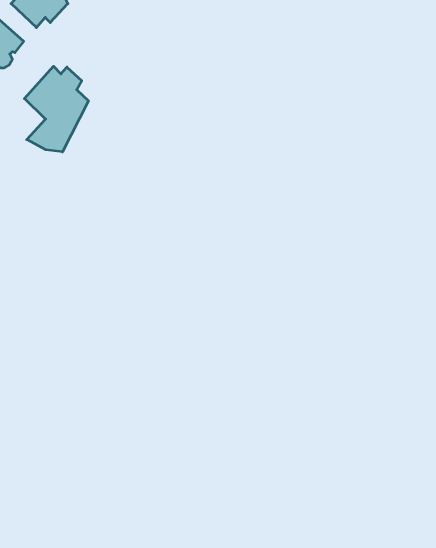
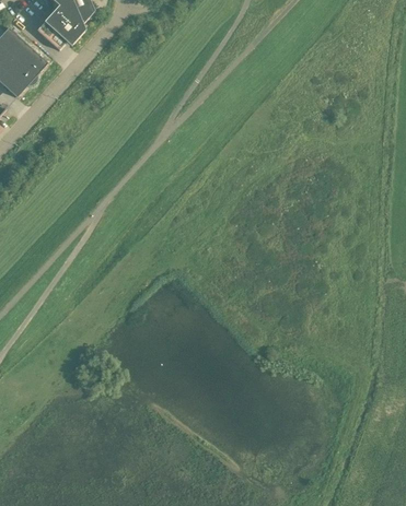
building: [24,66,88,152] -> none

